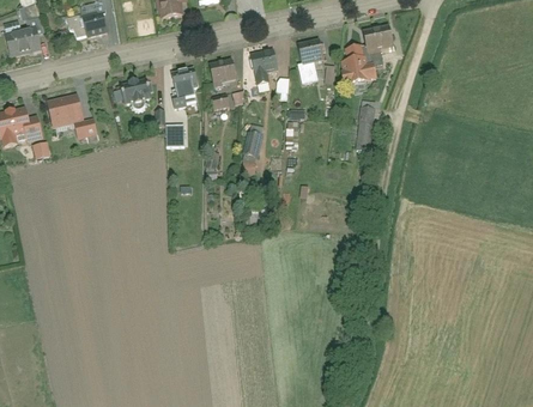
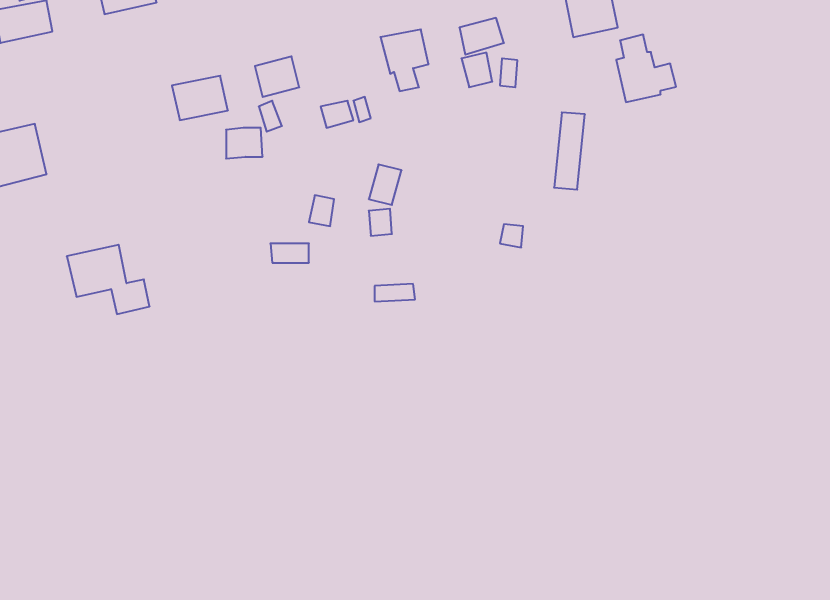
building: [341,44,378,86] -> [616,35,676,102]
building: [210,57,237,84] -> none
building: [47,96,98,139] -> [67,245,150,314]

